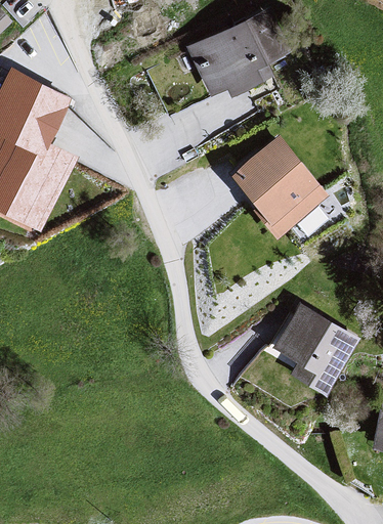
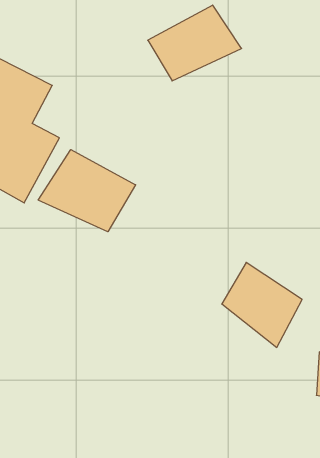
building: [235,136,327,236] -> none
building: none -> [38,150,136,232]

